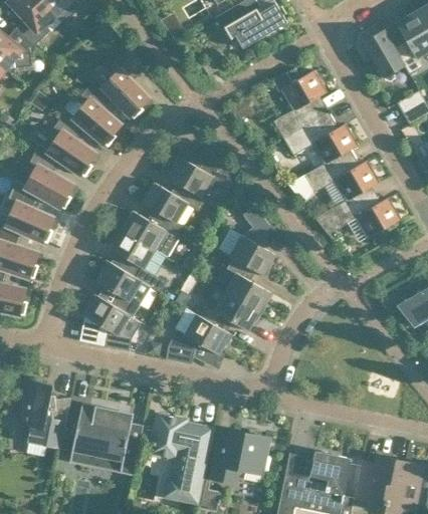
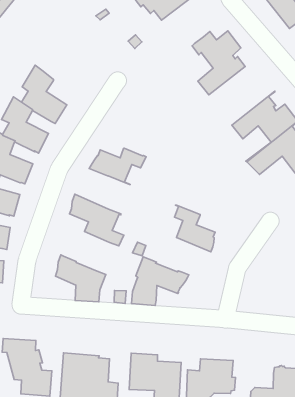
building: [102,49,151,119] -> none
building: [283,112,358,176] -> none
building: [164,147,231,196] -> none
building: [230,207,274,277] -> none
building: [119,211,181,257] -> none
building: [95,259,150,317] -> none
building: [198,292,261,331] -> none

